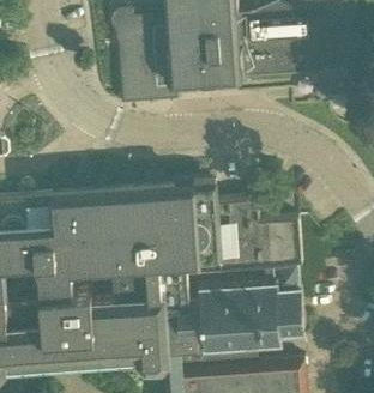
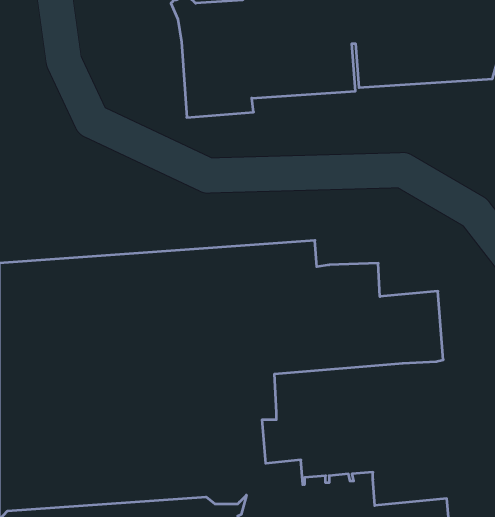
building: [180,265,304,349] -> none

